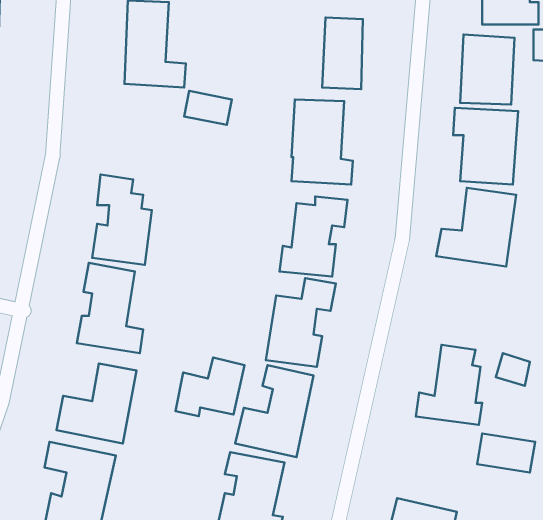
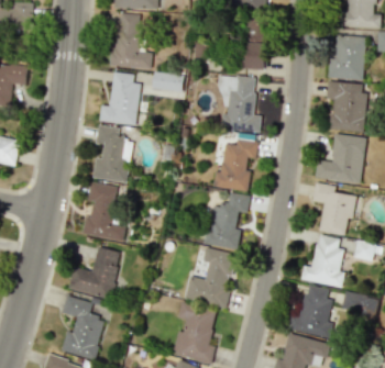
building: none -> [100,73,140,124]
building: none -> [312,183,356,236]
building: [175,358,245,416] -> none
building: none -> [289,285,333,337]

